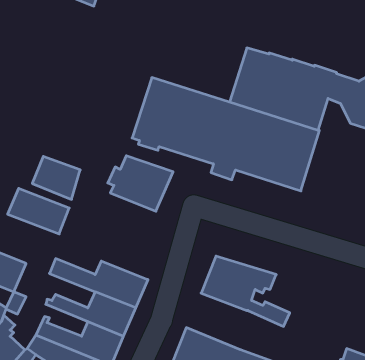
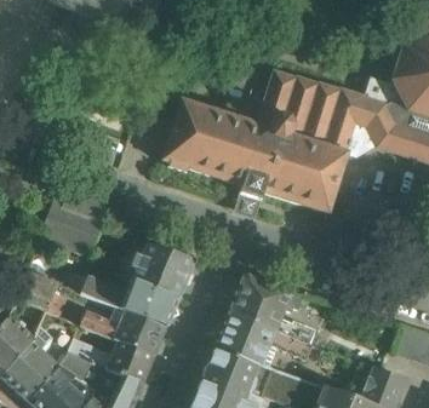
building: [108,156,173,211] -> [130,243,194,298]
building: none -> [216,311,313,367]

